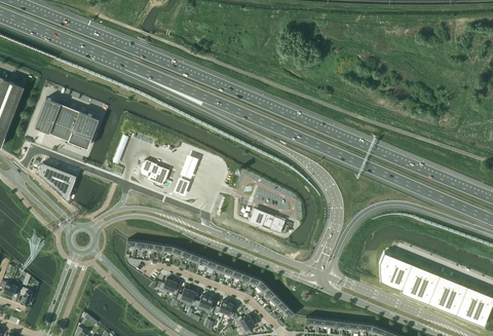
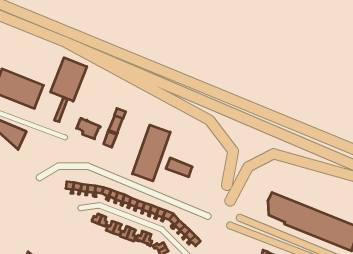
building: none -> [51,58,87,101]
building: none -> [132,125,170,181]

